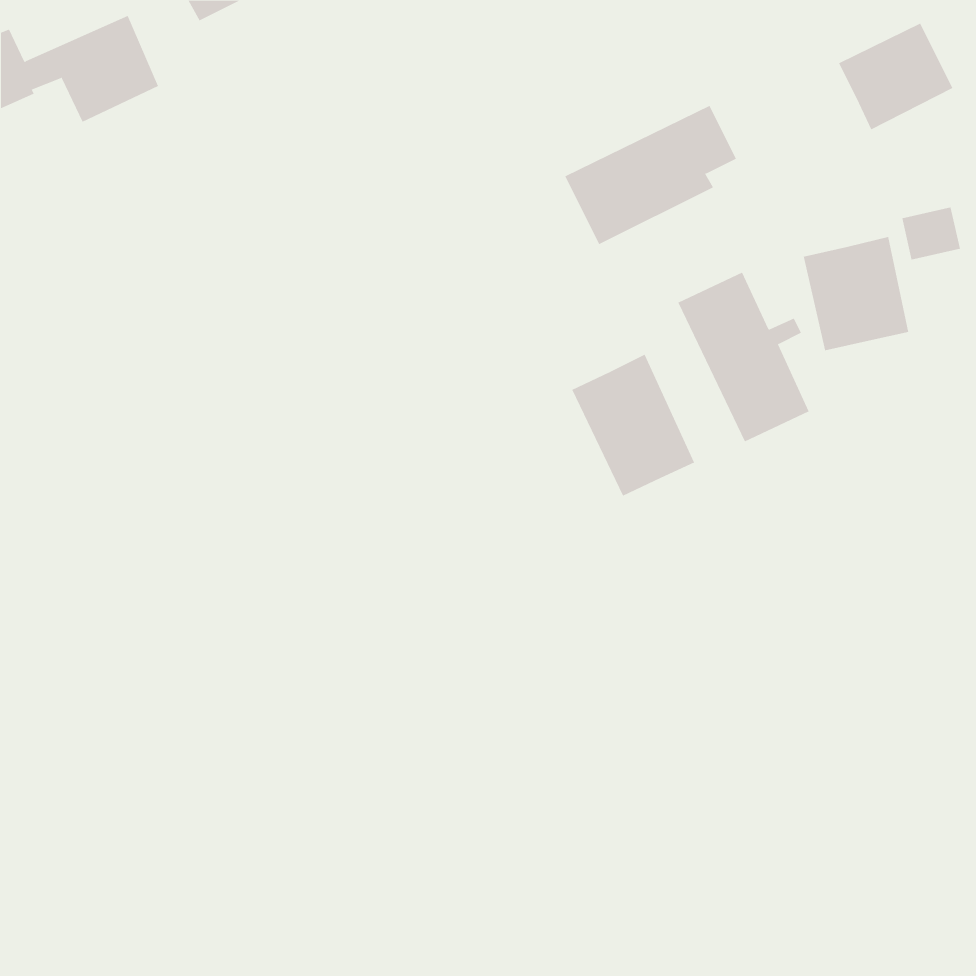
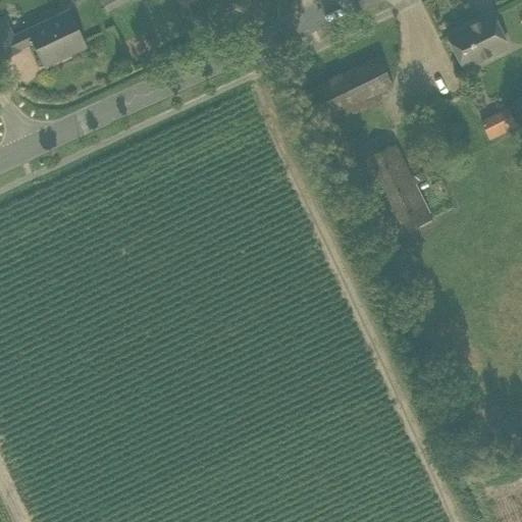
building: [803,236,909,351] -> none
building: [571,354,695,496] -> none

